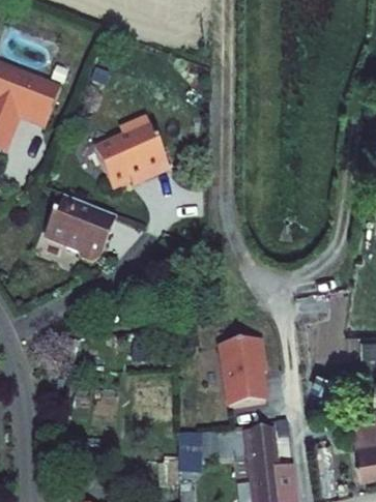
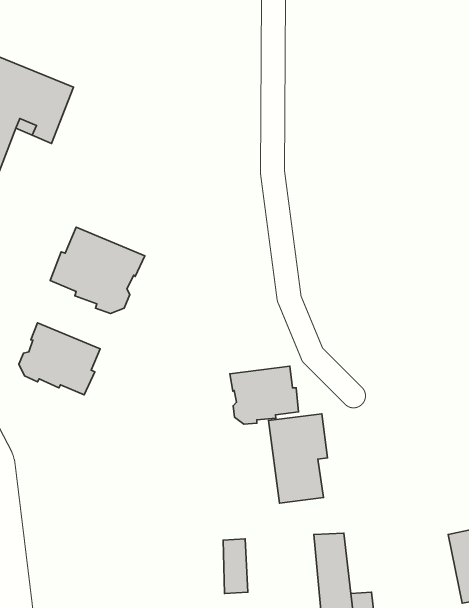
building: [97,120,173,189] -> none
building: none -> [19,323,100,395]
building: none -> [230,366,298,424]

